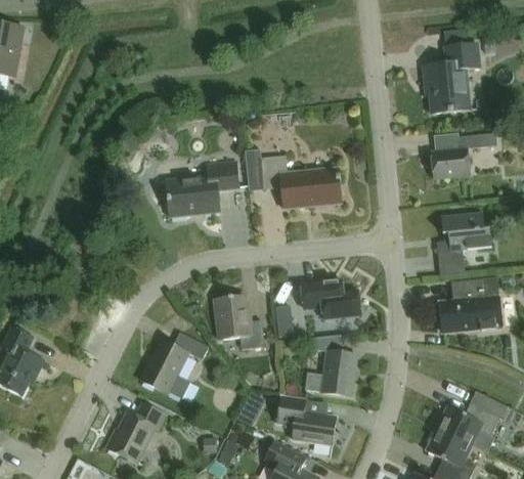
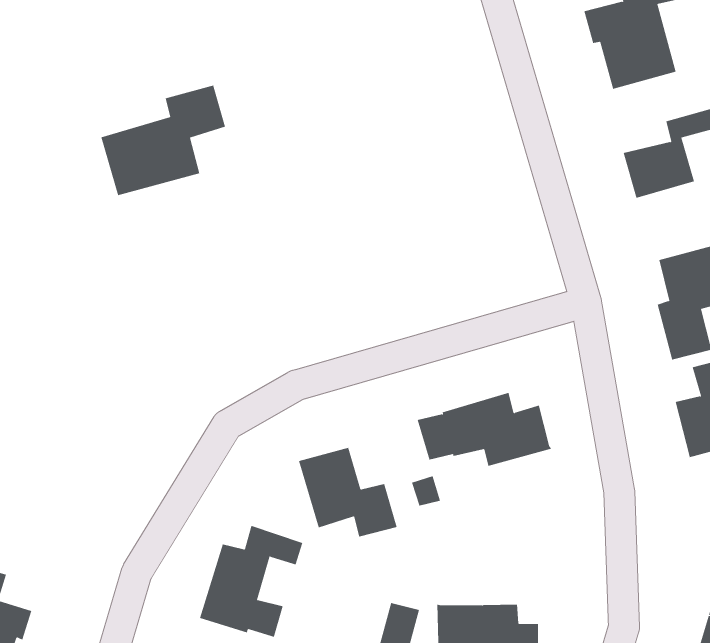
building: [245,150,342,209] -> none
building: [166,162,239,217] -> [101,85,226,196]
building: [305,334,357,396] -> none

